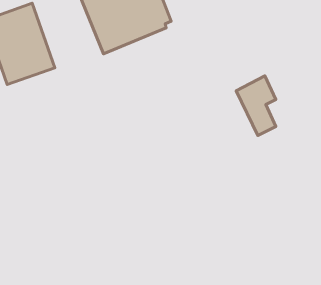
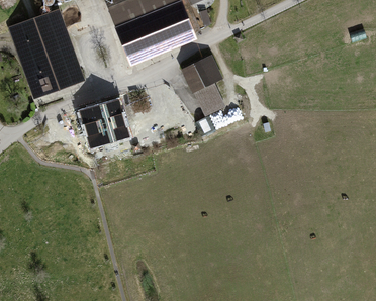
building: [236,76,276,135] -> [182,53,222,113]
building: none -> [77,98,129,145]

